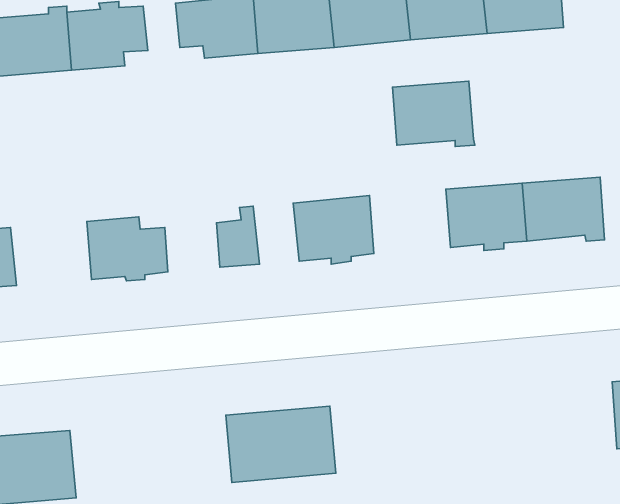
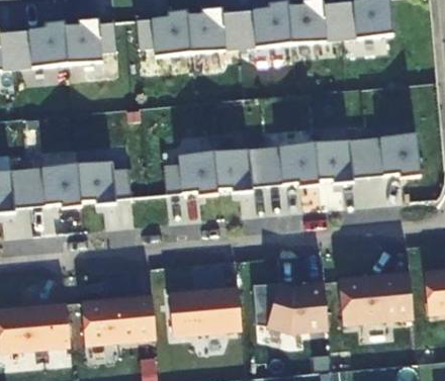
building: [392,81,475,147] -> [263,141,318,185]
building: none -> [186,151,216,194]
building: none -> [25,163,80,205]
building: none -> [338,272,412,323]
building: none -> [265,281,327,331]
building: none -> [80,293,155,344]

